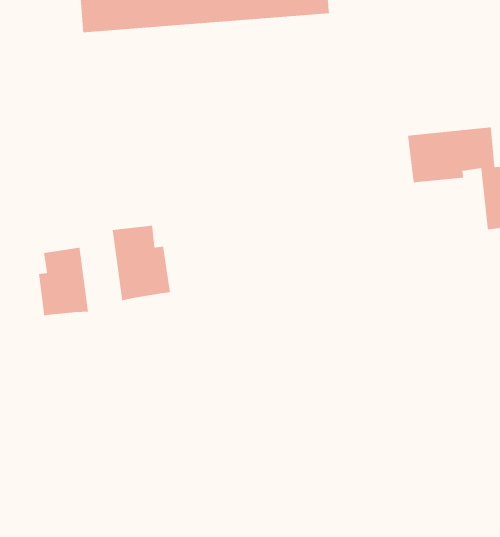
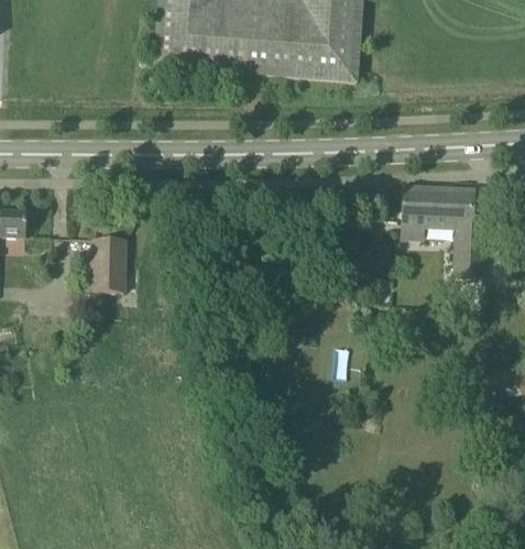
building: [112,225,171,301] -> none

